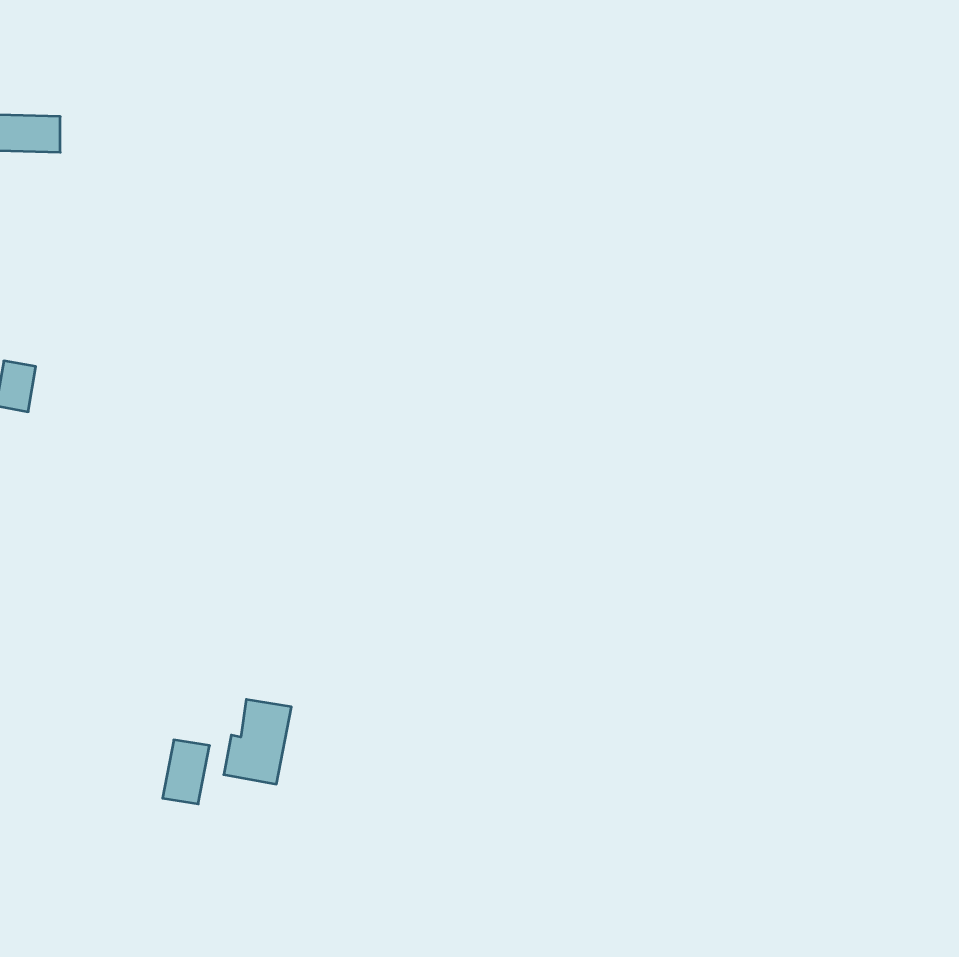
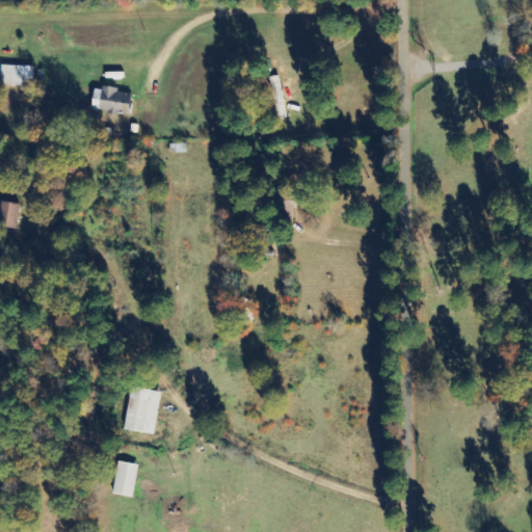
building: none -> [91,85,130,114]
building: [163,740,210,804] -> [112,460,138,496]

